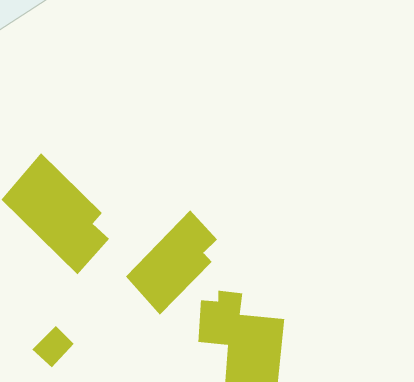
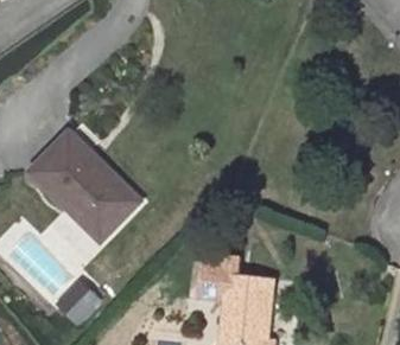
building: [125,210,218,315] -> none

